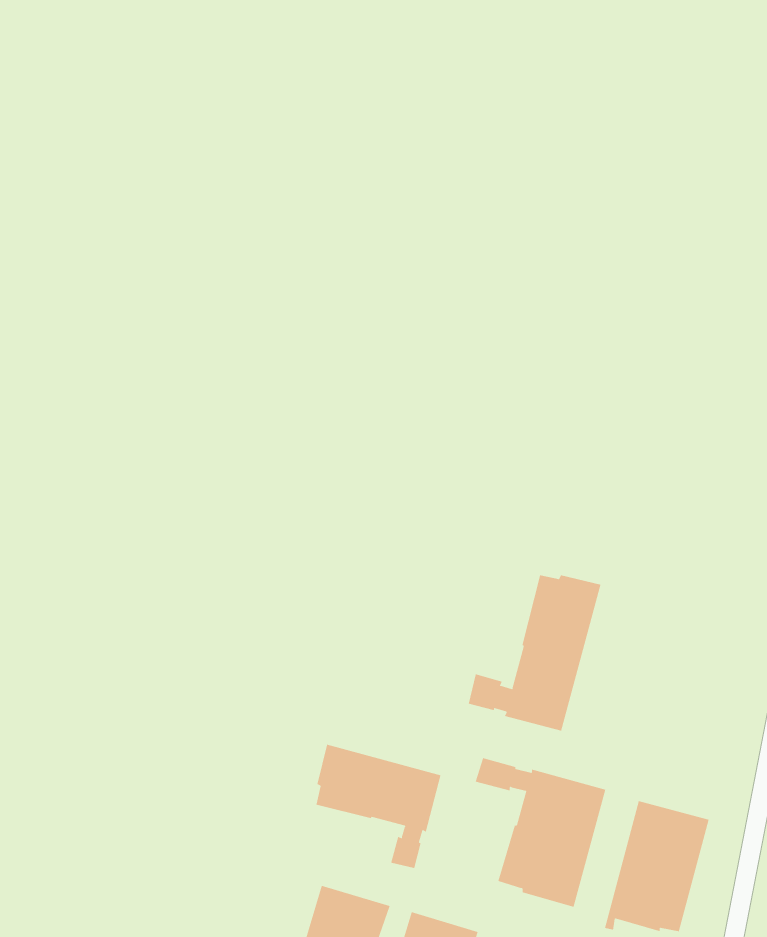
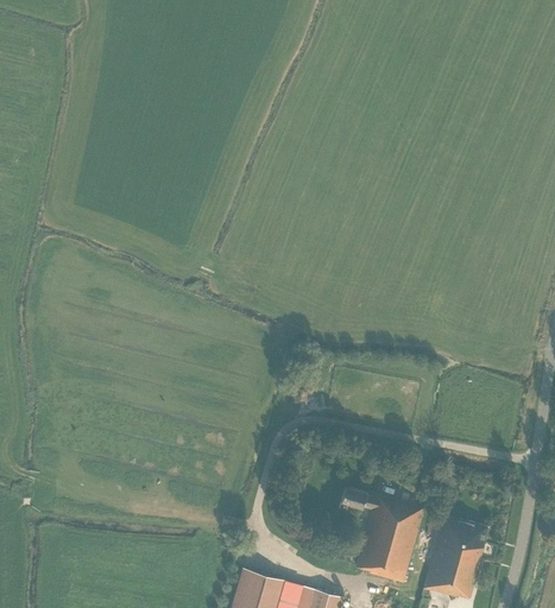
building: [468,574,601,731] -> none
building: [316,744,441,869] -> none

